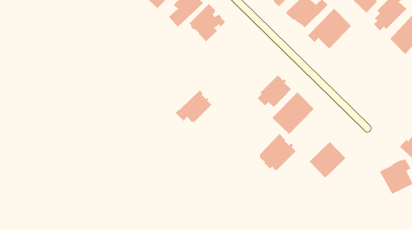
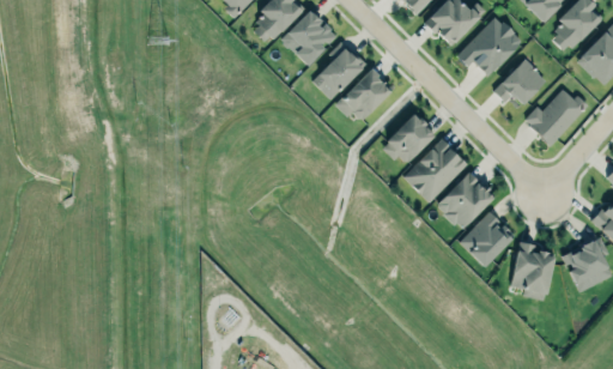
building: none -> [314,49,364,99]
building: none -> [493,59,547,105]
building: none -> [526,86,590,145]
building: [175,89,212,123] -> [336,69,392,120]
building: [259,133,297,171] -> [439,171,494,228]
building: none -> [511,242,556,300]

